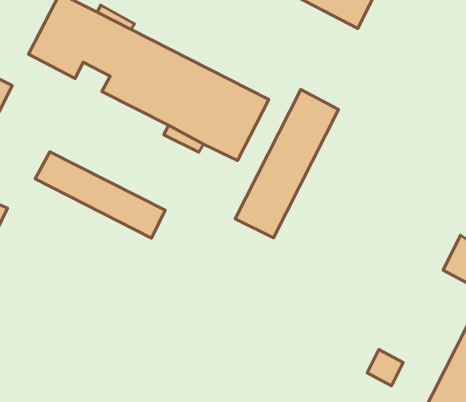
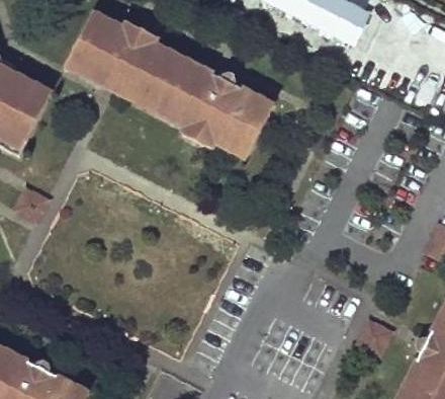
building: [235,90,338,238] -> none
building: [35,152,165,238] -> none

